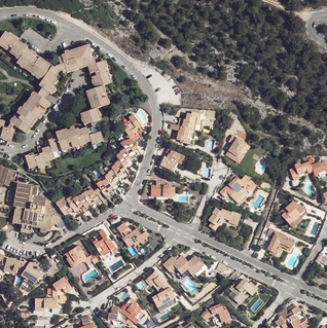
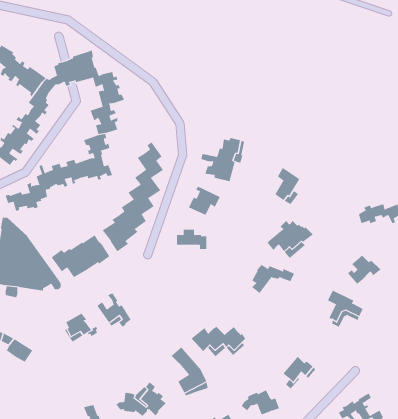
building: [117,222,151,249] -> none
building: [35,277,72,312] -> none

